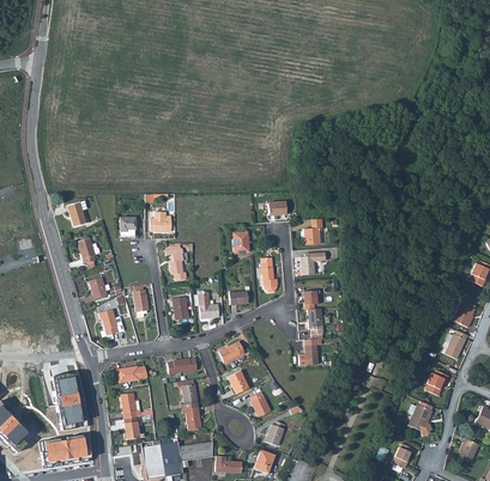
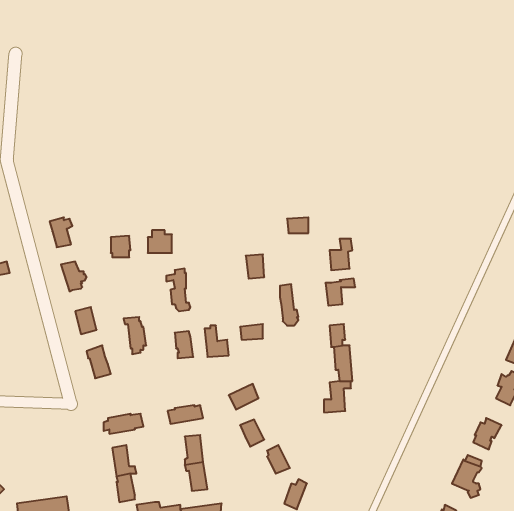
building: [53,373,87,431] -> none

